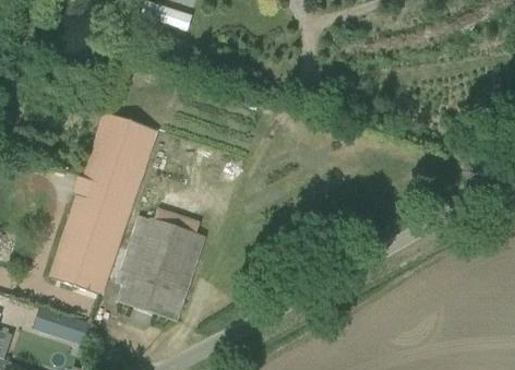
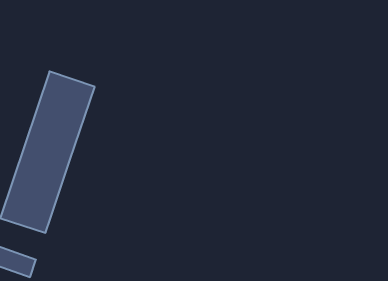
building: [113,214,204,320] -> none

